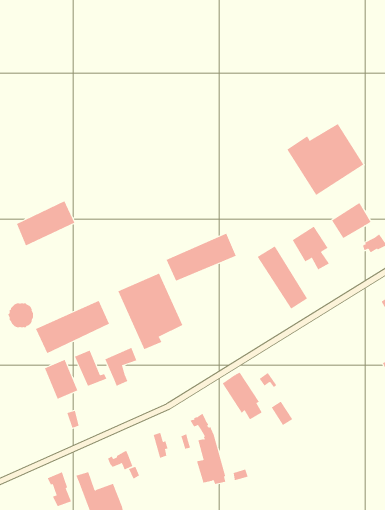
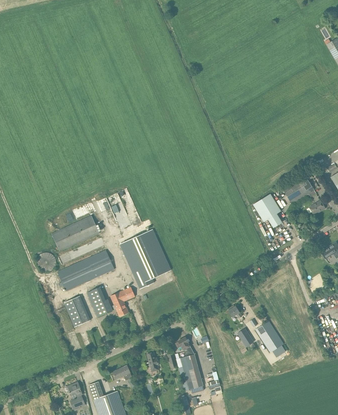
building: [286,123,364,196] -> none
building: [16,200,75,246] -> [53,215,98,250]
building: [166,233,236,281] -> none
building: [257,245,308,309] -> none
building: [222,372,263,420] -> [255,320,286,357]

